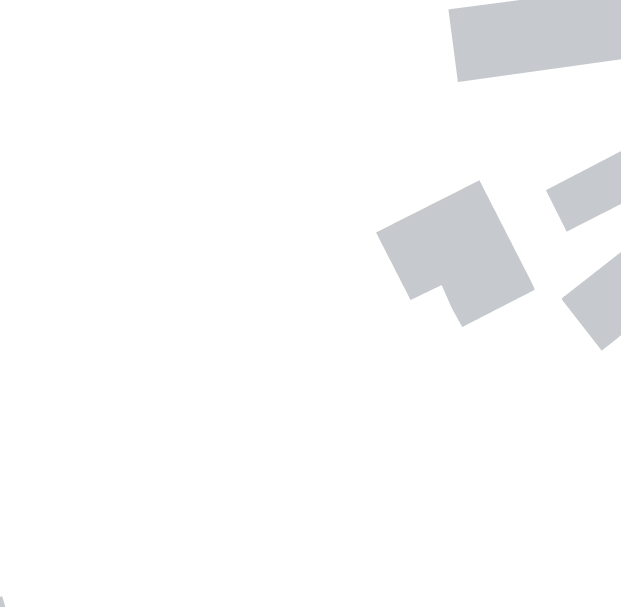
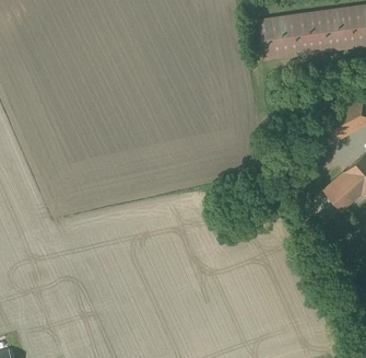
building: [375,179,536,328] -> none

